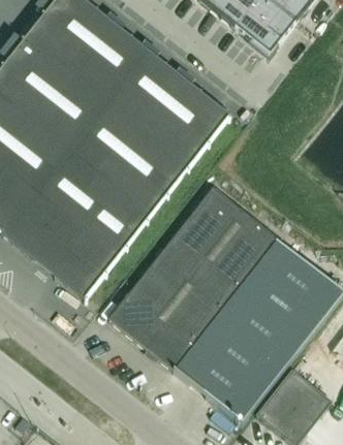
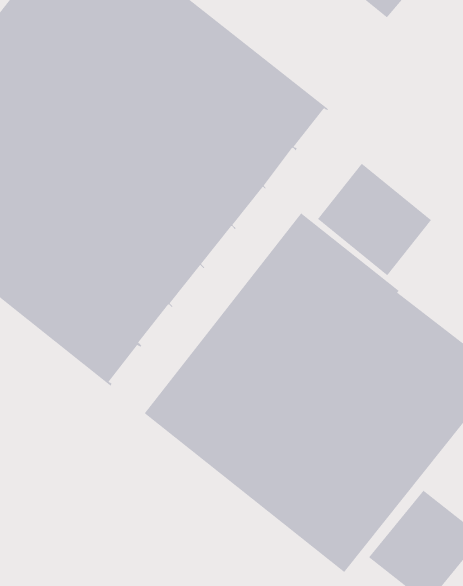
building: none -> [317,163,432,276]

